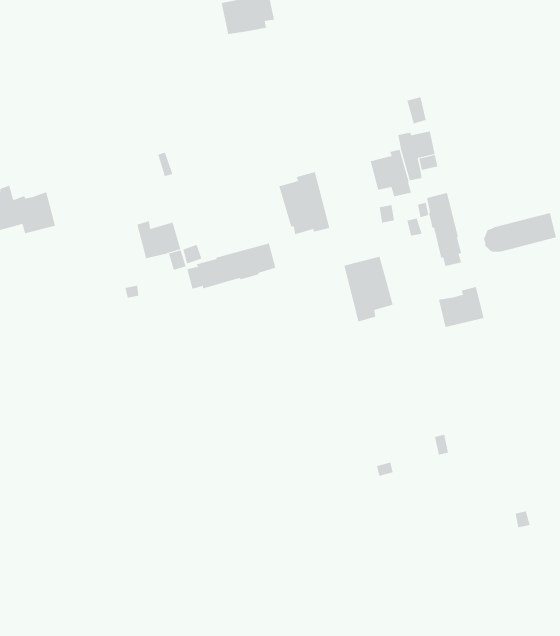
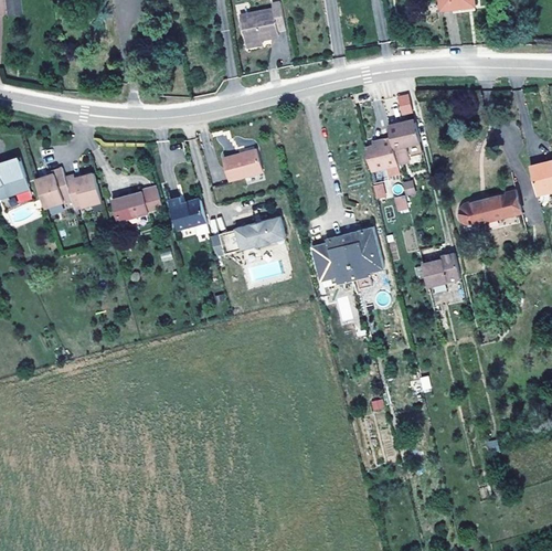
building: none -> [222,148,262,180]
building: [279,172,330,235] -> [310,234,353,287]
building: [426,192,462,267] -> none
building: none -> [110,188,161,221]

